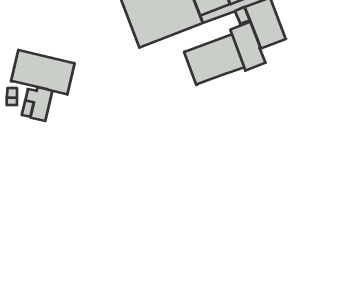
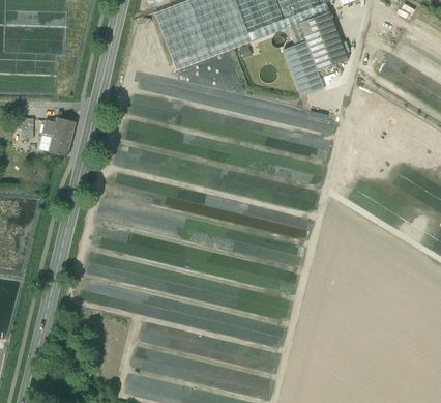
building: [184,34,244,85] -> none
building: [11,50,74,95] -> none

